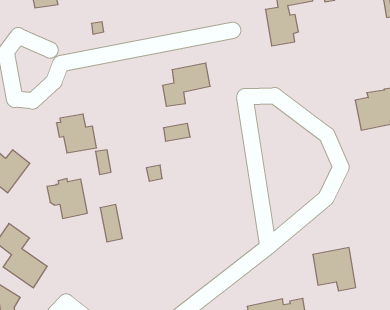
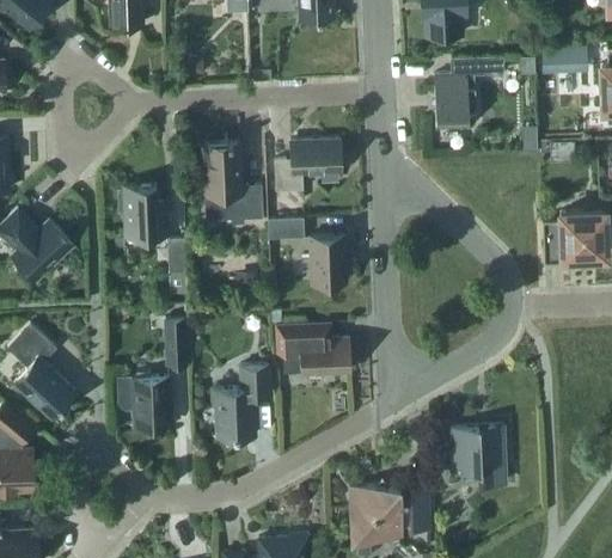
building: none -> [194,143,263,221]
building: none -> [310,235,345,284]
building: [47,179,87,218] -> [120,373,171,428]
building: none -> [276,324,349,374]
building: none -> [213,366,270,439]

